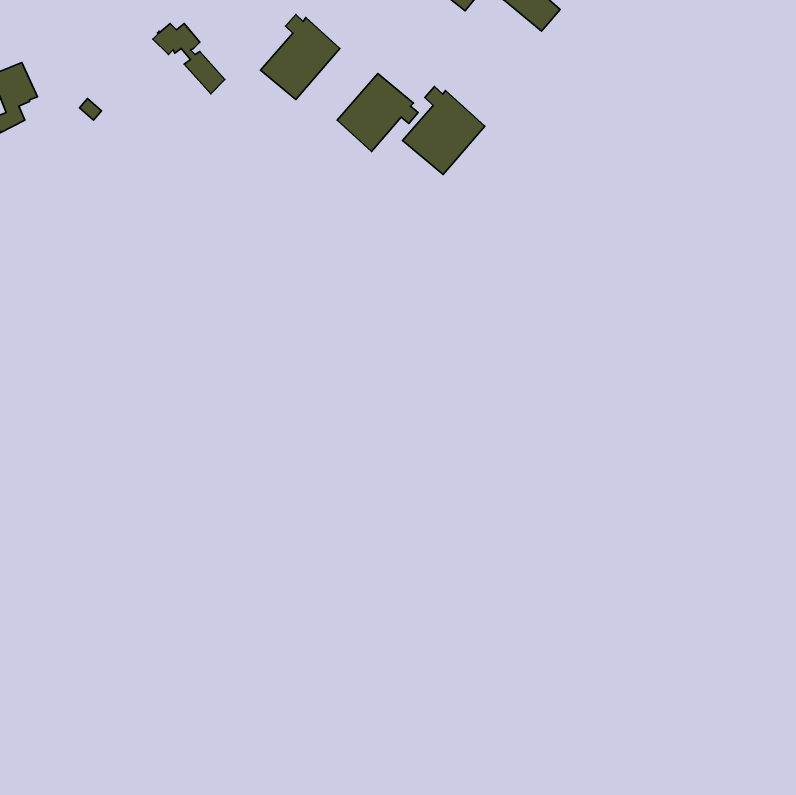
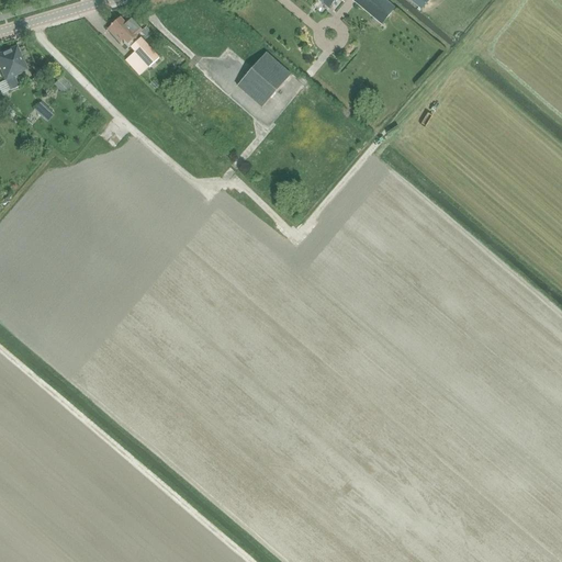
building: [261,15,340,99] -> none
building: [403,86,485,174] -> none

